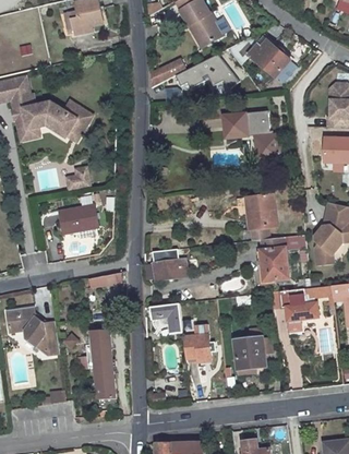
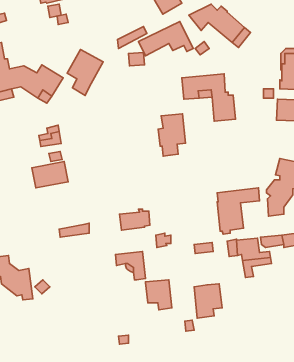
building: none -> [67,49,103,96]
building: [246,194,276,240] -> [158,114,185,156]
building: [86,331,116,399] -> none

